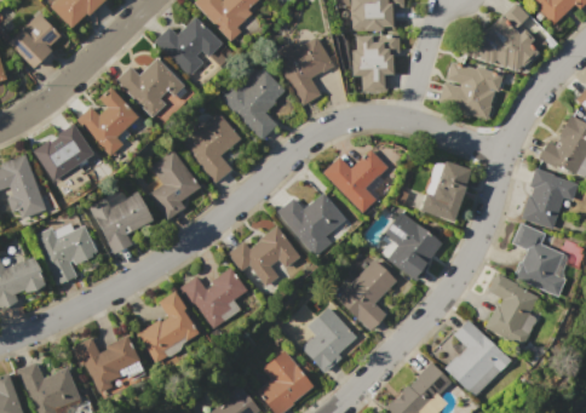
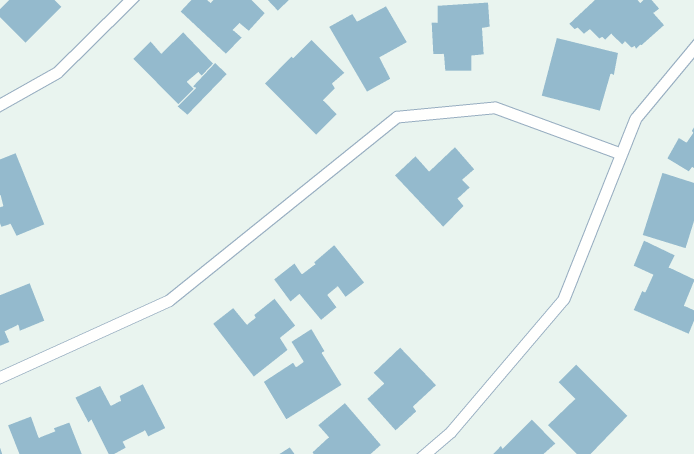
building: [77,87,139,155] -> none
building: [179,114,242,183] -> none
building: [29,119,94,183] -> none
building: [150,149,201,219] -> none
building: [420,159,473,222] -> none
building: [278,191,347,256] -> none
building: [90,193,155,253] -> none
building: [383,212,442,281] -> none
building: [36,223,98,285] -> none
building: [339,259,397,329] -> none
building: [484,273,540,346] -> none
building: [137,291,200,363] -> [263,328,342,420]

